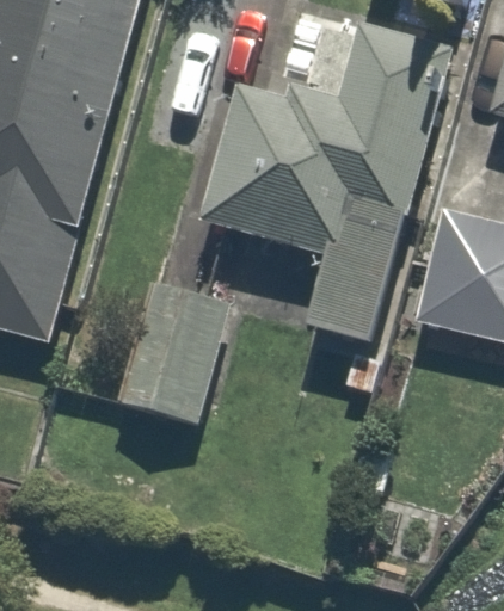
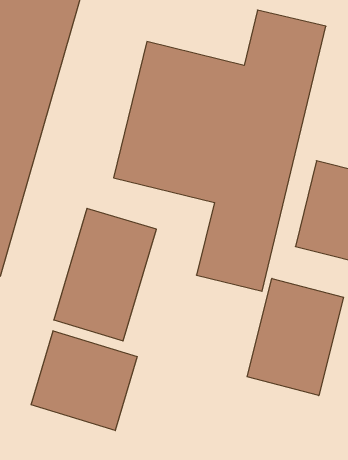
building: none -> [247,278,344,396]
building: none -> [31,331,137,431]

